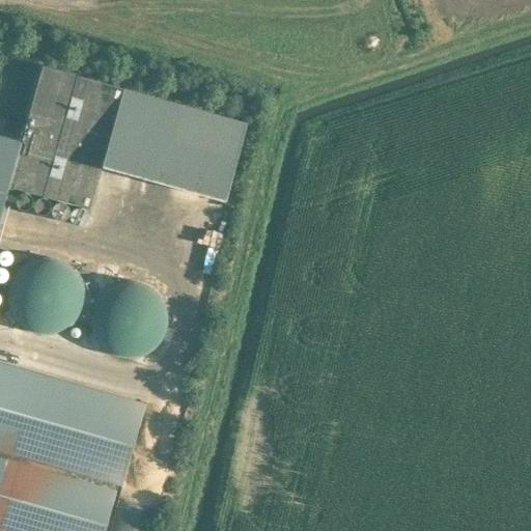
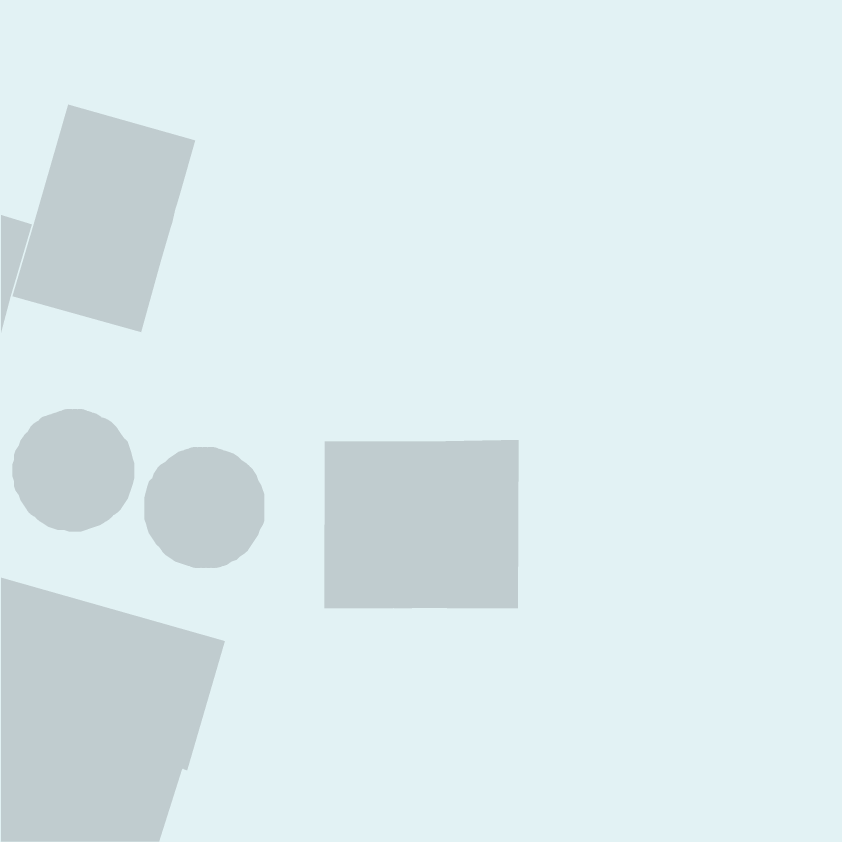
building: [102,88,247,200] -> none
building: none -> [324,439,519,609]

